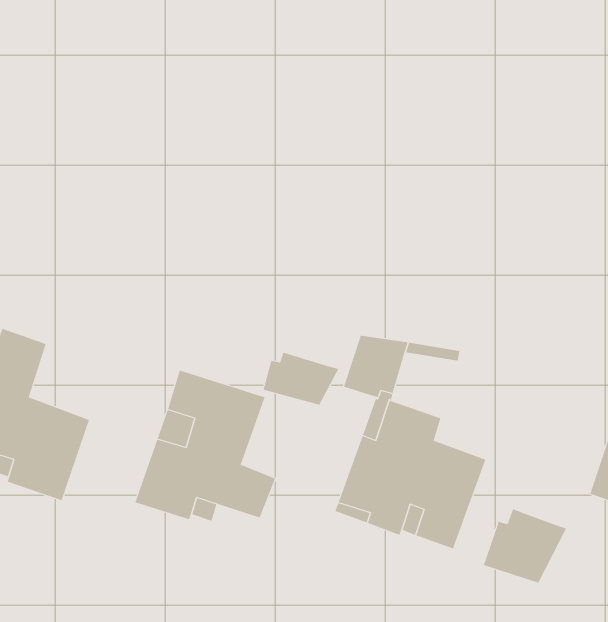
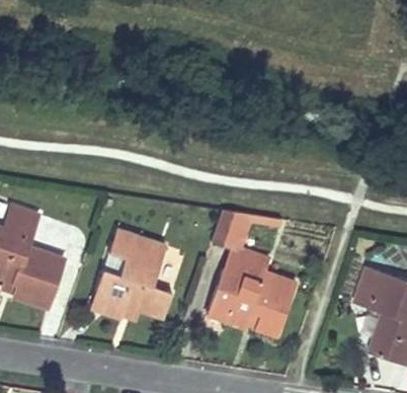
building: [263,352,339,406] -> none
building: [483,508,567,584] -> none

